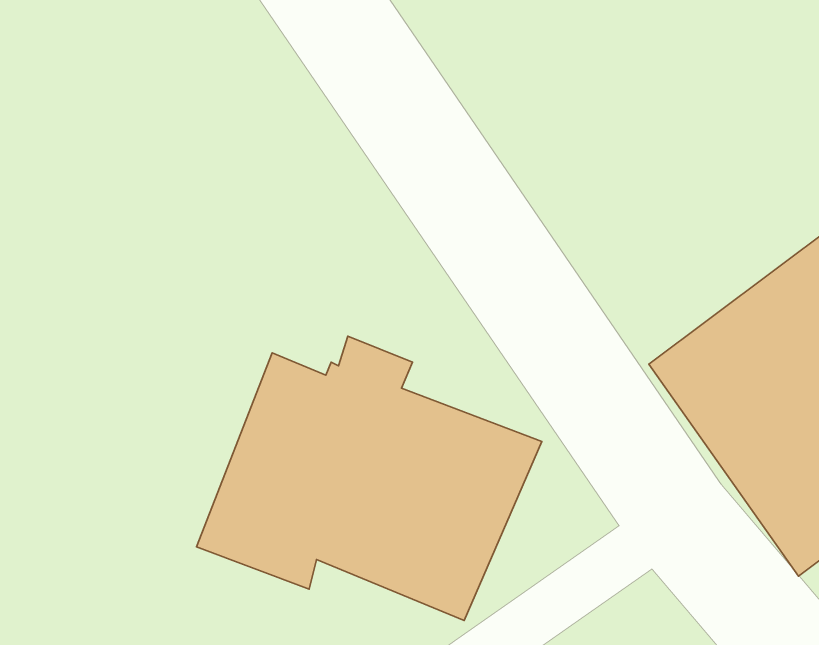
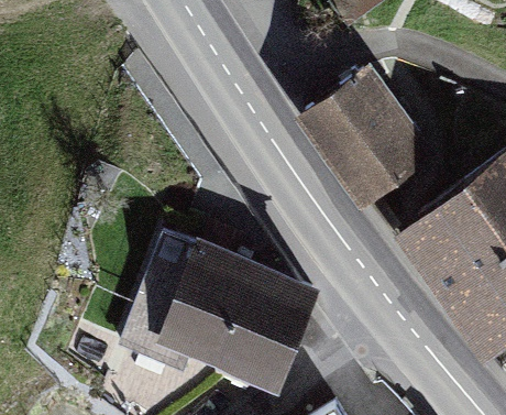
building: none -> [290,64,437,211]

